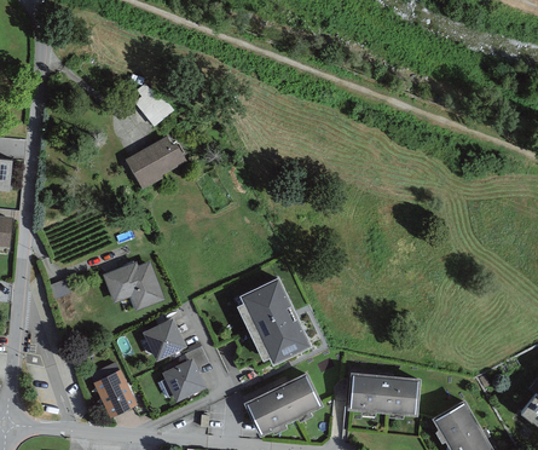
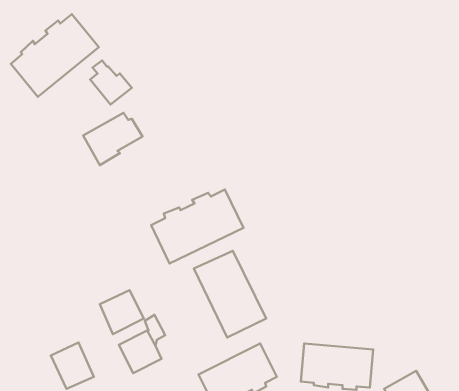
building: none -> [11,14,99,97]
building: none -> [151,190,243,263]
building: [103,261,164,311] -> none

